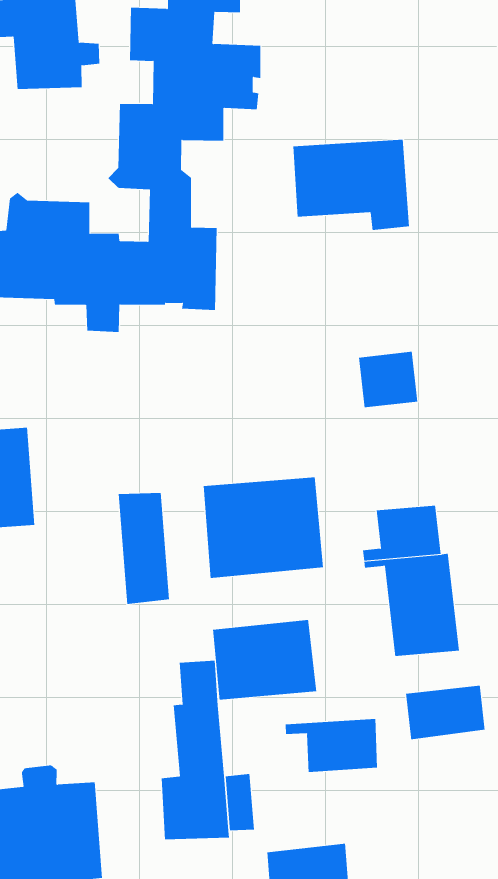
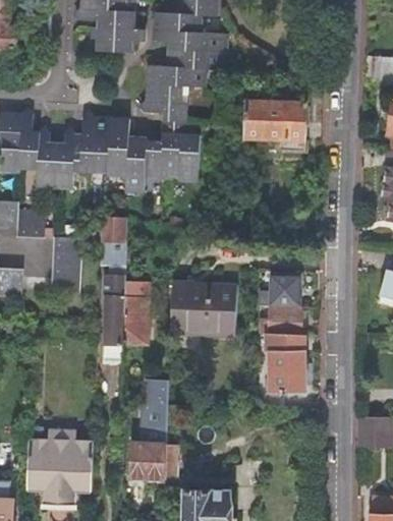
building: [358,351,418,408] -> [271,275,301,303]
building: none -> [100,216,127,362]
building: [212,619,317,701] -> none
building: [406,685,485,740] -> none
building: [285,718,378,773] -> none

